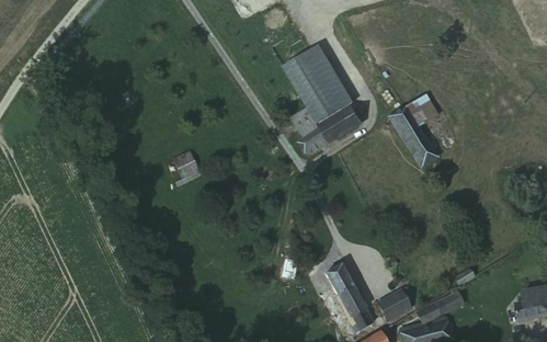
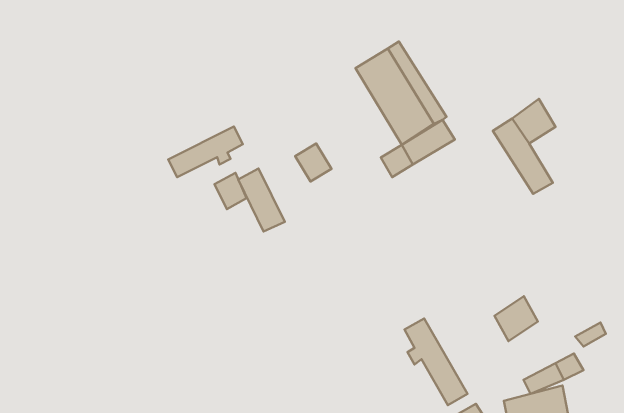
building: [293,109,321,138] -> [295,144,332,181]
building: none -> [168,127,243,177]
building: none -> [238,169,285,231]
building: [377,287,411,322] -> [494,296,538,341]

